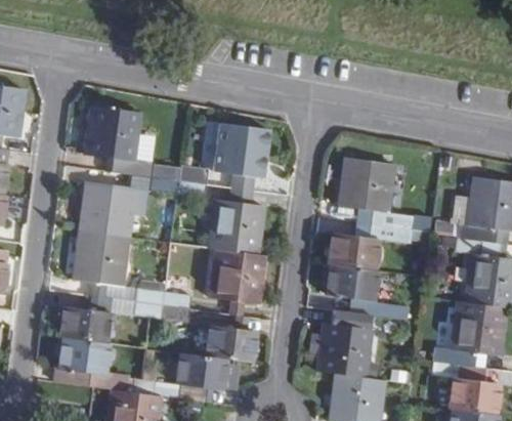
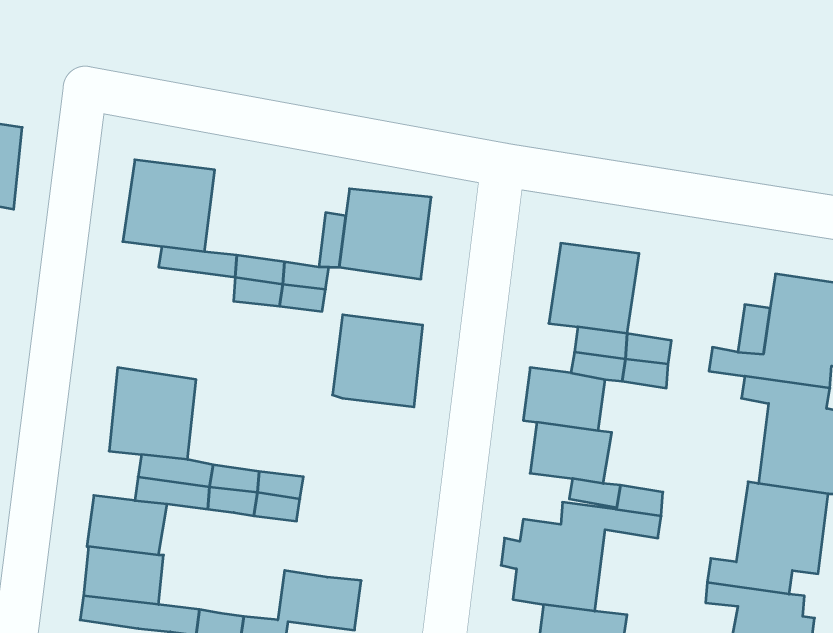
building: [81,183,134,239] -> none
building: [210,250,265,305] -> none
building: [207,327,255,363] -> none

